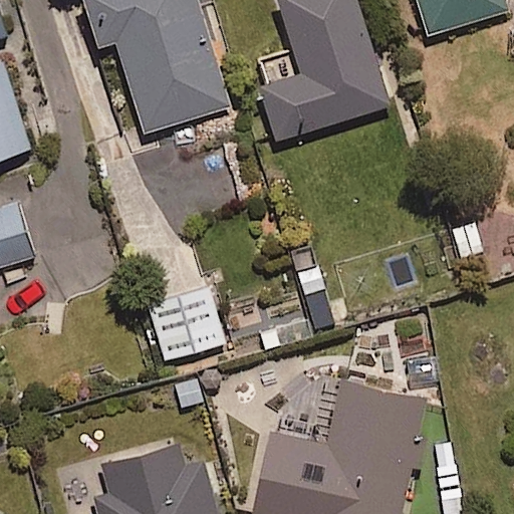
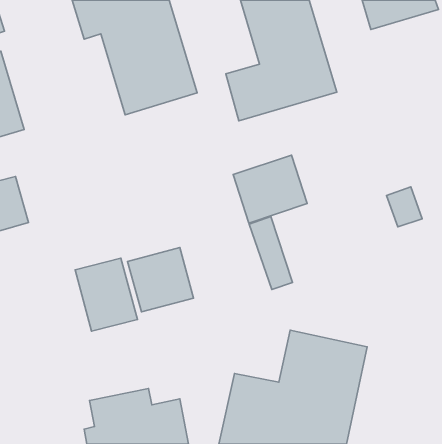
building: none -> [233,155,307,223]
building: none -> [75,258,137,331]

